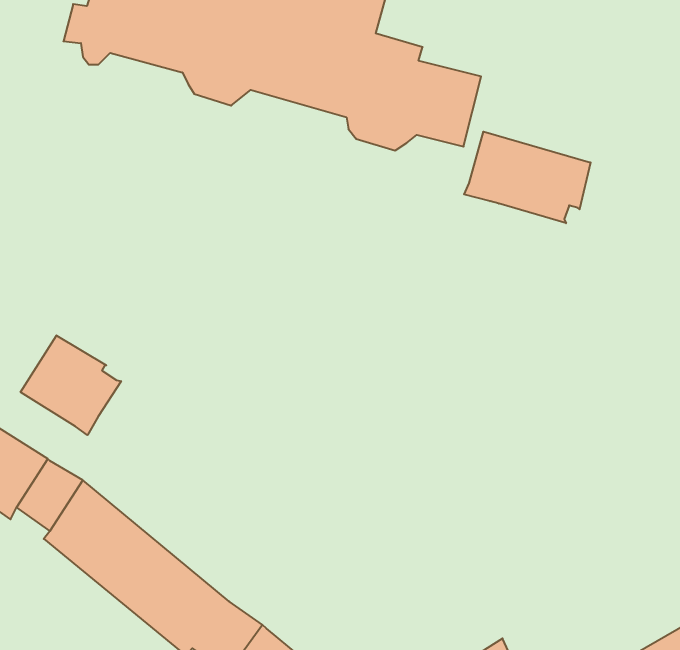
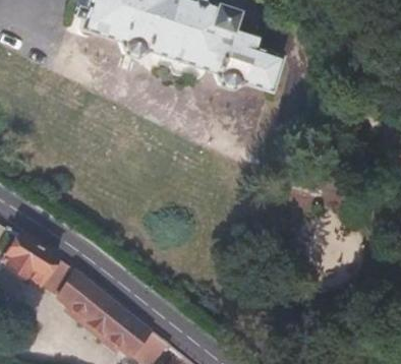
building: [464,132,591,223] -> none
building: [21,335,121,435] -> none

